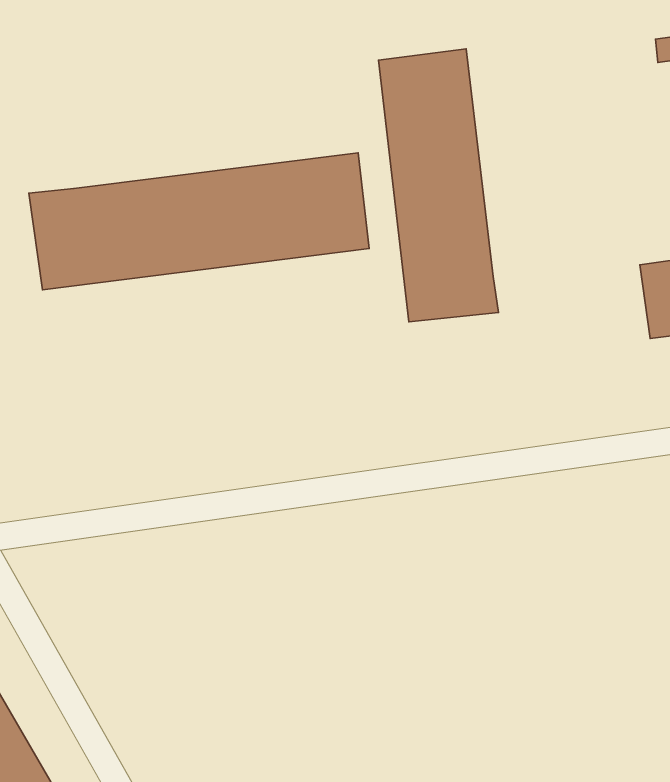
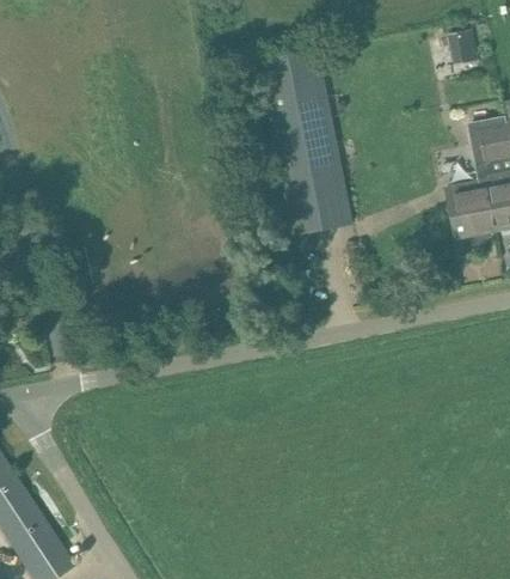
building: [29,153,369,290] -> none

